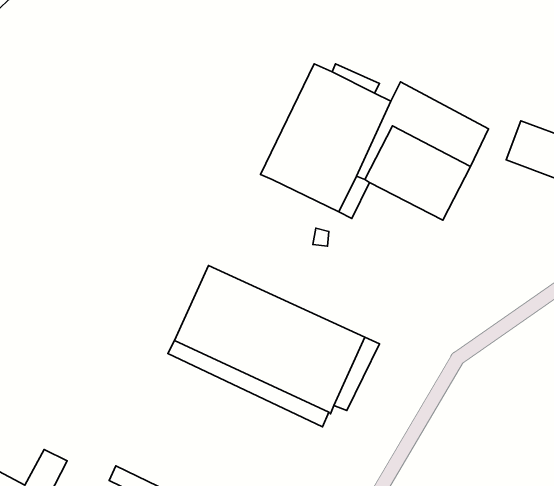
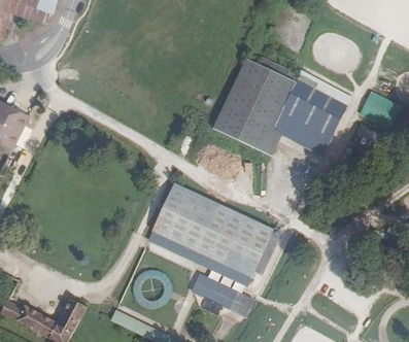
building: none -> [191,275,251,316]

